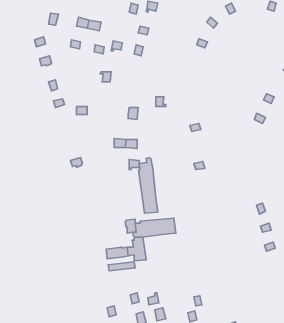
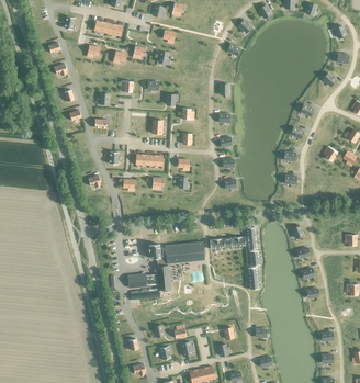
building: [139,158,158,213] -> none

